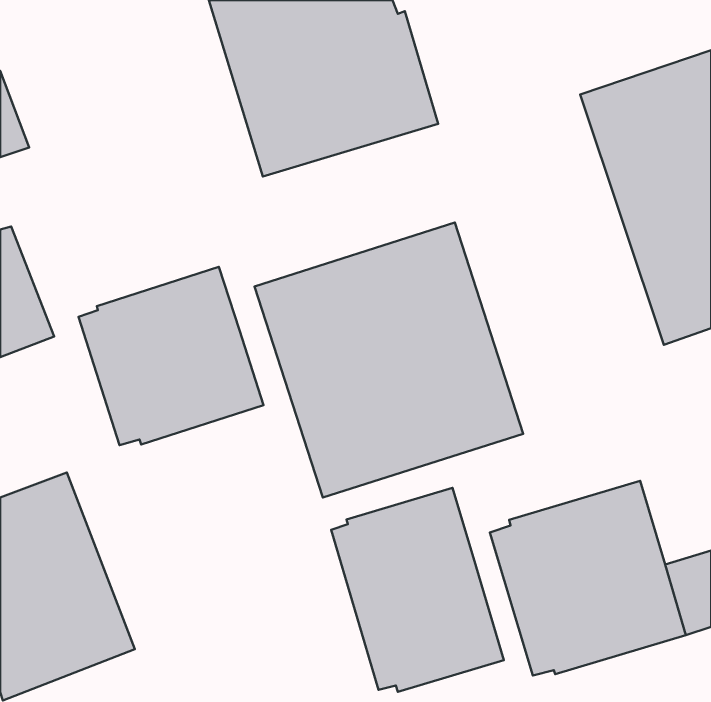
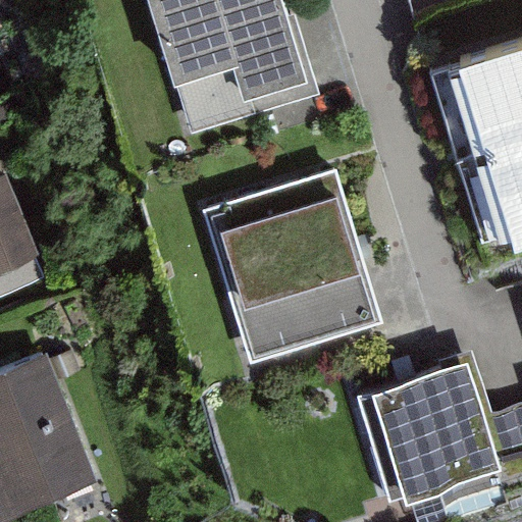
building: [79,267,263,445] -> none
building: [331,488,504,692] -> none

